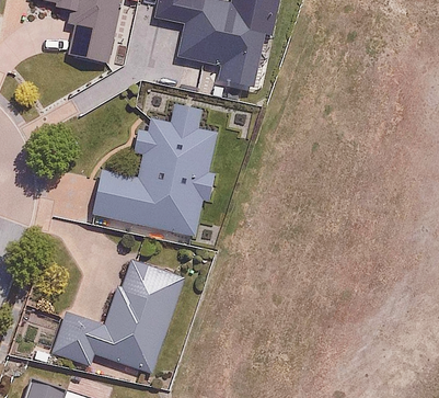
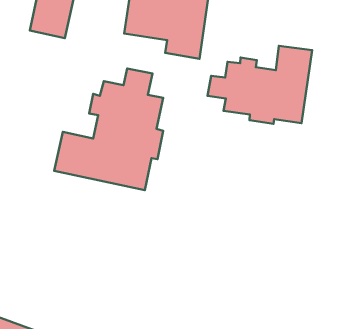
building: none -> [208,46,312,124]
building: [49,257,183,374] -> none

